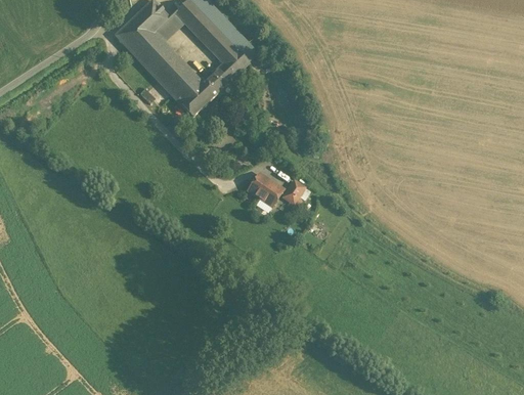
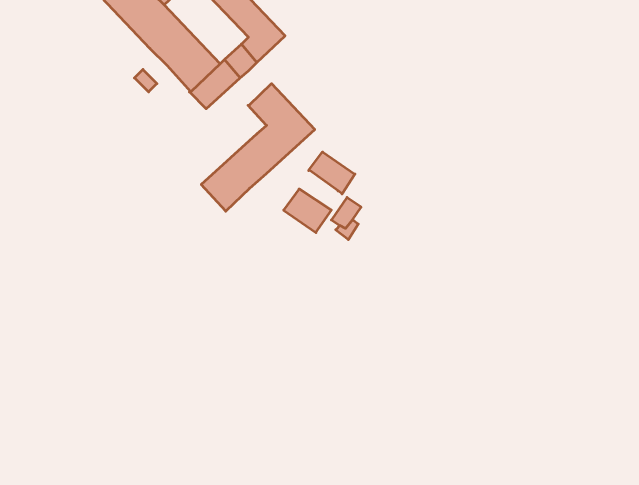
building: none -> [201,84,315,211]
building: none -> [309,152,355,194]

